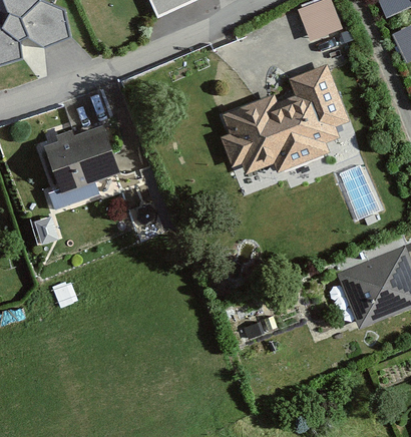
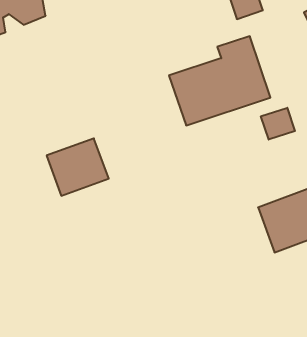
building: [39,125,115,195] -> [47,138,109,196]
building: none -> [261,108,295,140]

